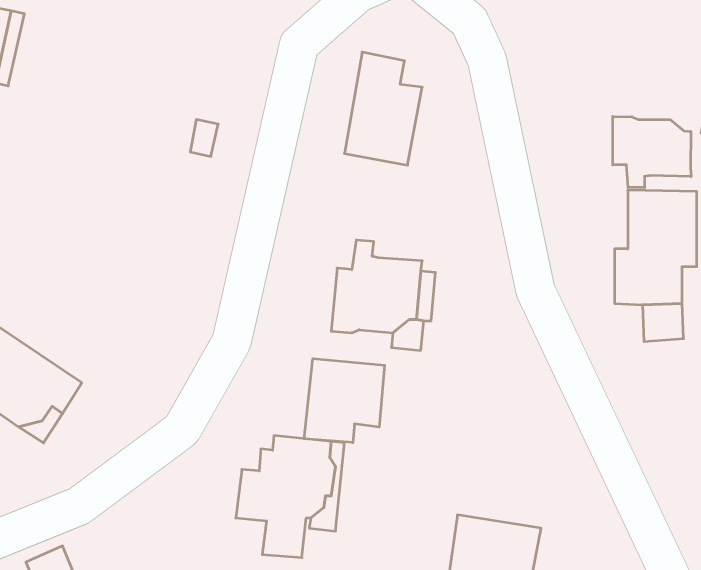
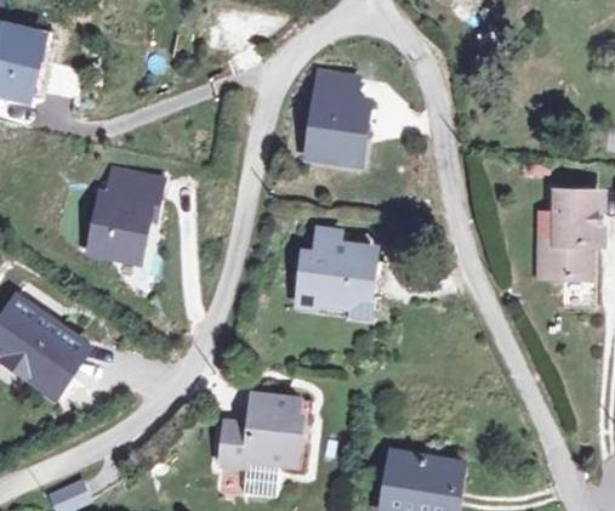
building: [613,116,691,188] -> none
building: none -> [87,172,158,262]
building: [304,359,385,443] -> none

